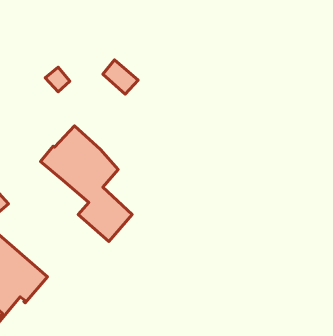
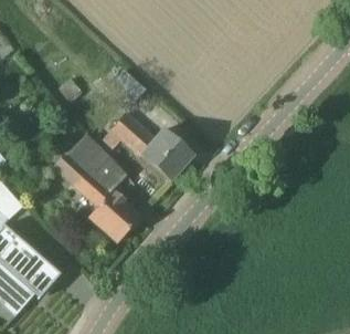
building: none -> [110,113,193,181]

